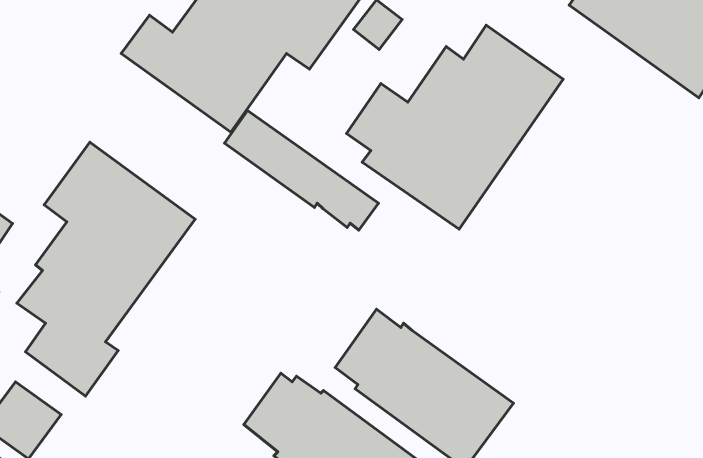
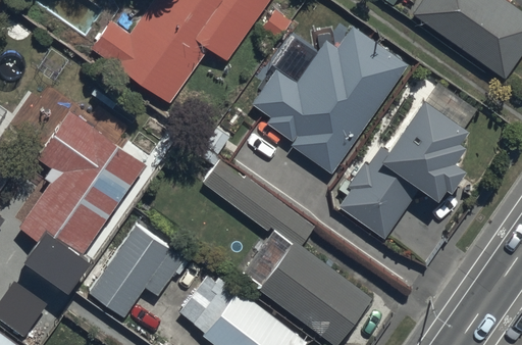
building: none -> [338,77,476,238]
building: [225,110,379,230] -> [204,160,314,246]
building: none -> [89,226,189,318]

